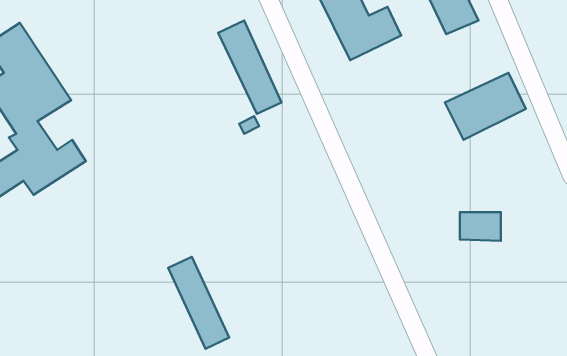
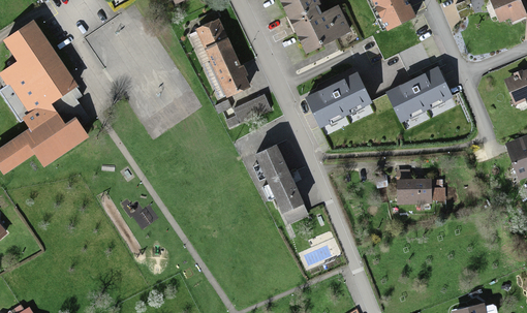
building: none -> [305,69,372,125]
building: none -> [235,96,269,123]
building: [168,257,229,349] -> [256,147,307,223]

